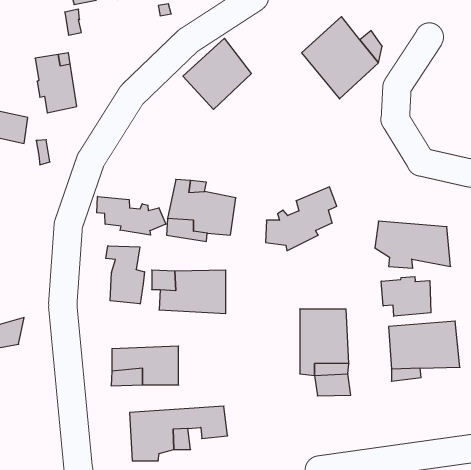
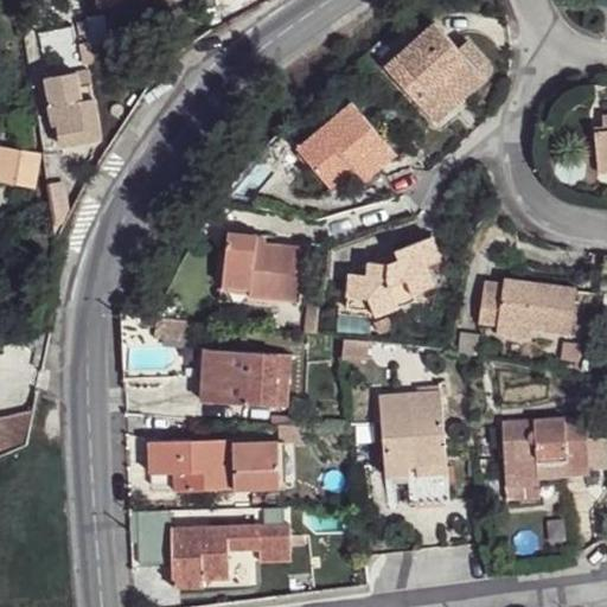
building: [183,38,251,109] -> [296,98,384,190]
building: [97,196,166,235] -> none
building: [106,246,145,304] -> none
building: [381,277,431,316] -> none
building: none -> [229,443,279,493]

